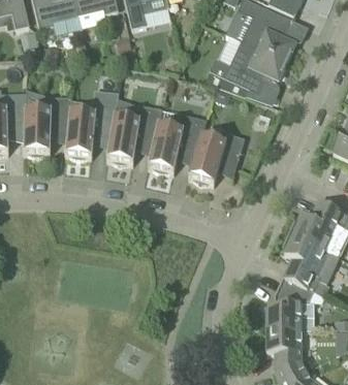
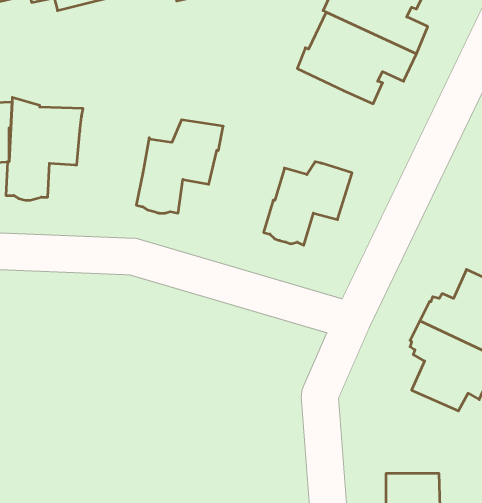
building: [65,102,117,158] -> none
building: [148,114,207,172] -> none
building: [266,278,314,331] -> none

